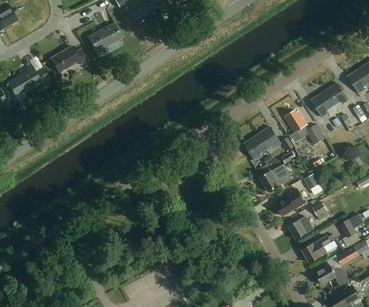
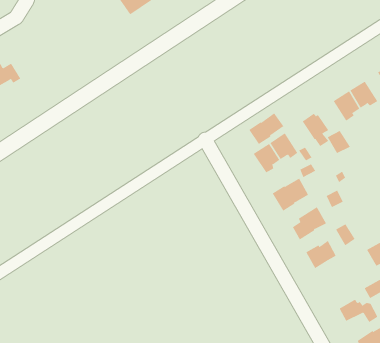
building: [89,23,122,51] -> none
building: [51,47,87,72] -> none
building: none -> [248,113,284,145]
building: [302,236,331,263] -> none

